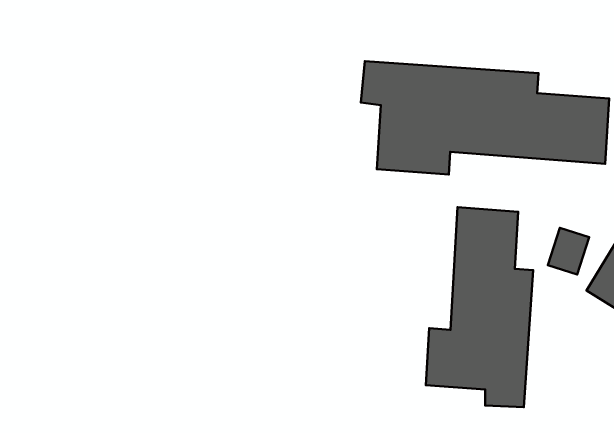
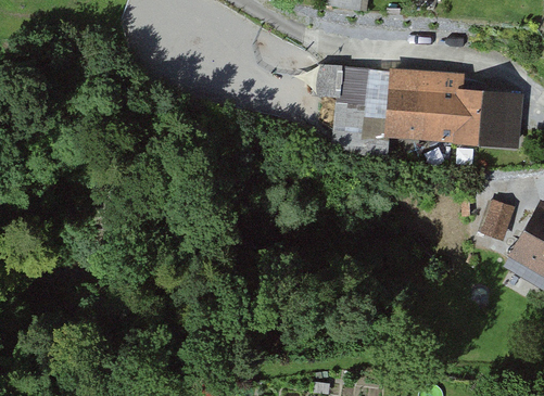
building: [426,207,533,407] -> none

